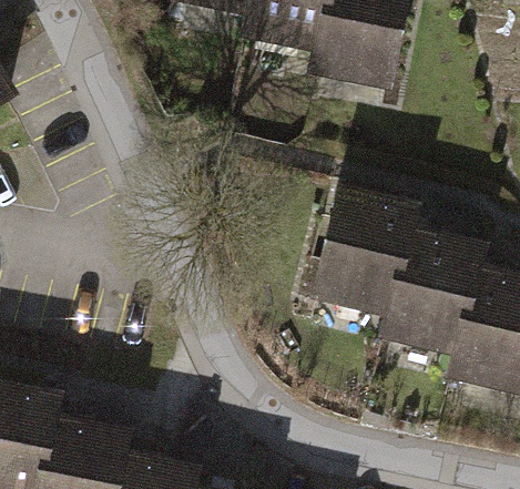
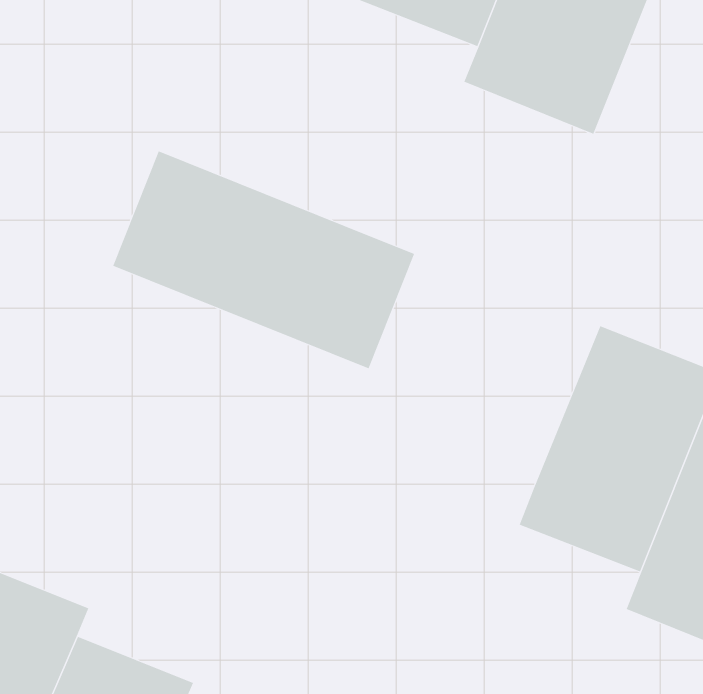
building: none -> [112,150,415,369]
building: [307,175,409,312] -> none

